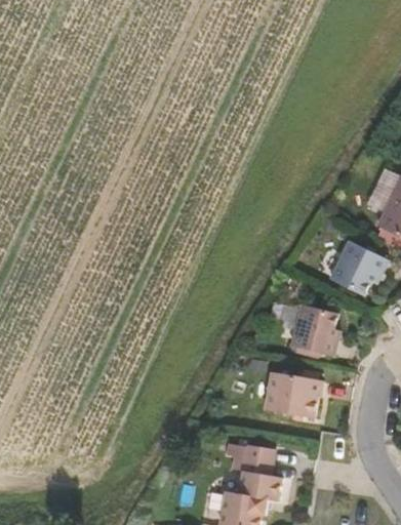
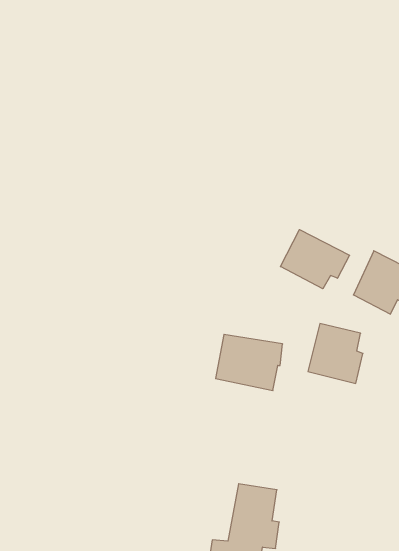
building: none -> [280,230,350,289]
building: [257,370,315,418] -> [216,334,283,391]

